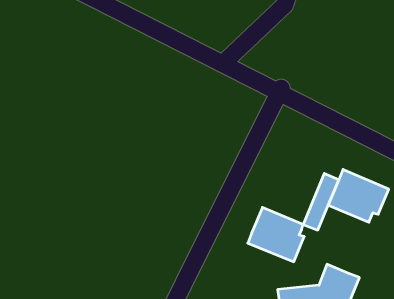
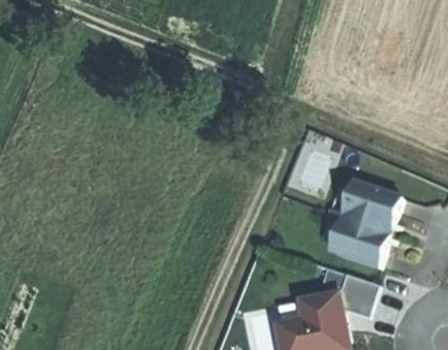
building: [248,207,304,262] -> [331,216,385,265]

